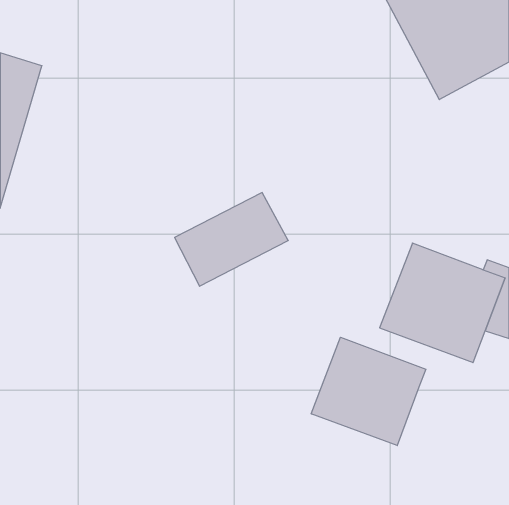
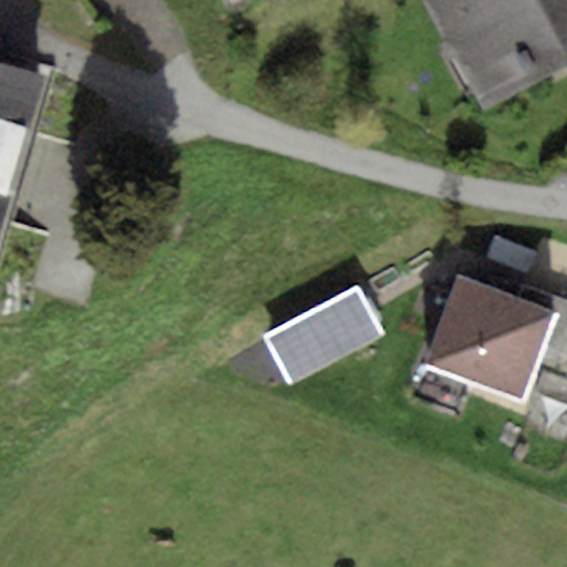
building: [175,193,288,286] -> [260,280,386,384]
building: [311,337,426,446] -> none

